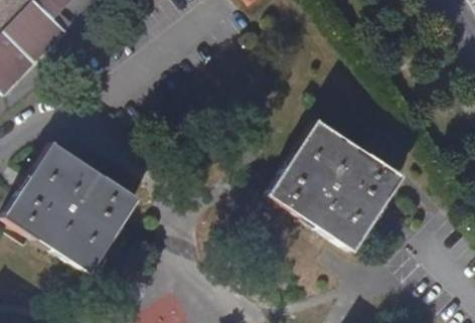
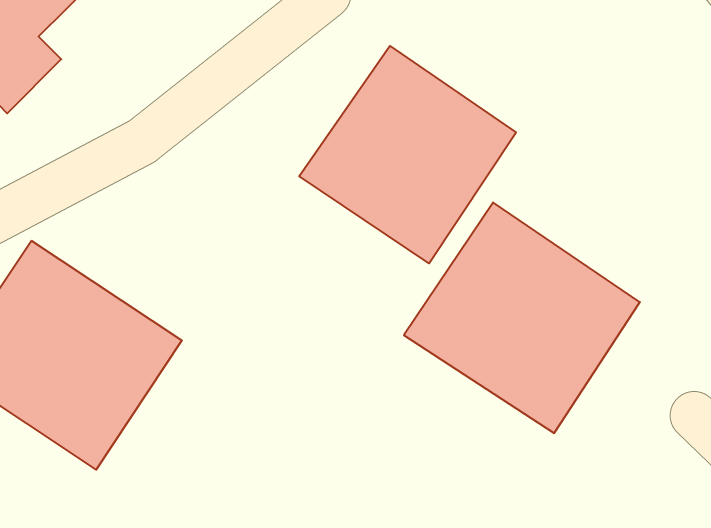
building: none -> [299,46,516,263]

